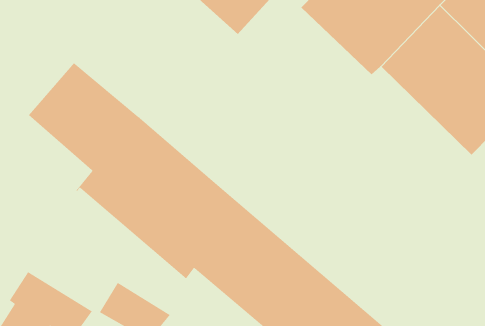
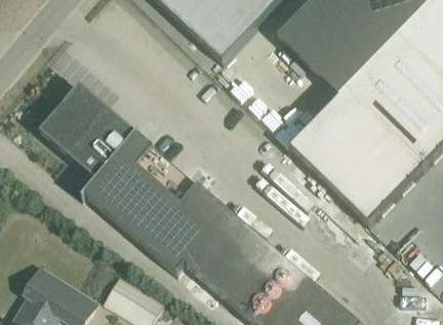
building: none -> [288,86,425,221]

